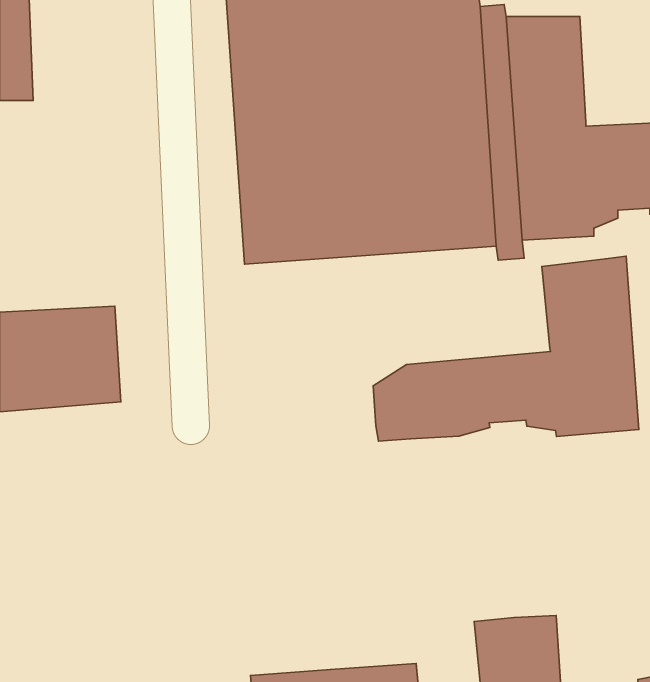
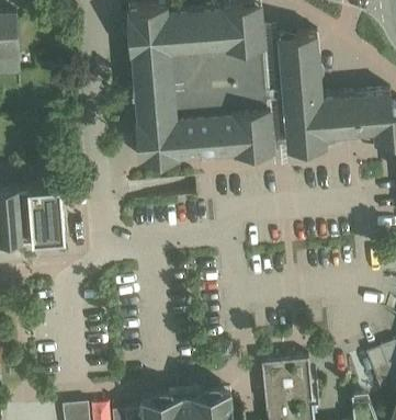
building: [373,256,639,441] -> none

